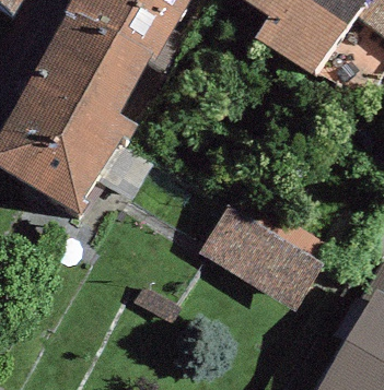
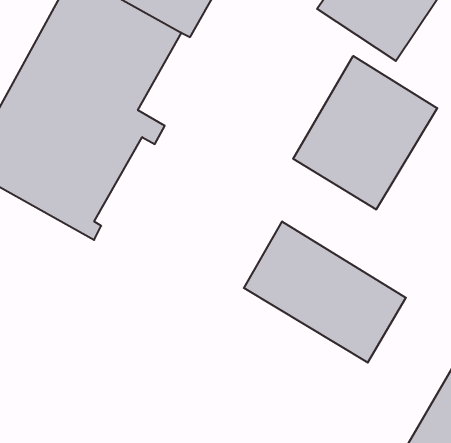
building: none -> [293,56,437,210]

